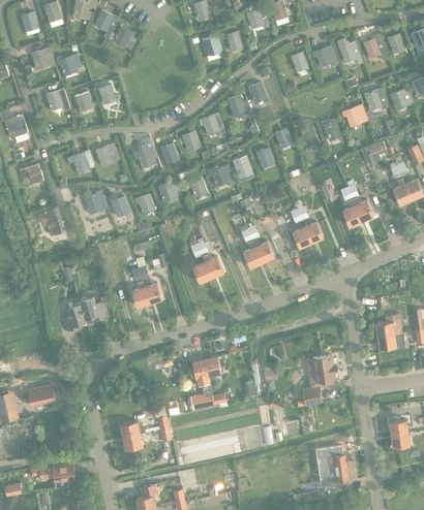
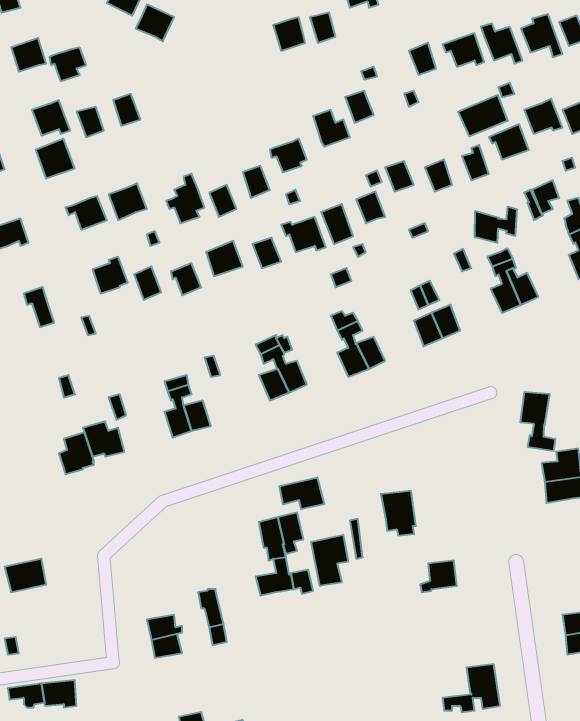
building: none -> [458,95,508,136]
building: none -> [36,139,75,179]
building: none -> [475,207,517,243]
building: none -> [520,392,555,451]
building: none -> [280,477,324,509]
building: [311,356,334,385] -> [381,491,416,536]
building: none -> [311,535,348,586]

